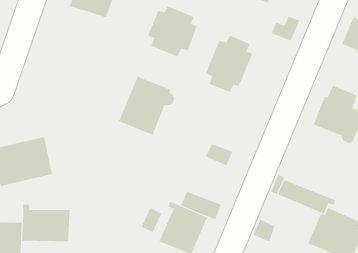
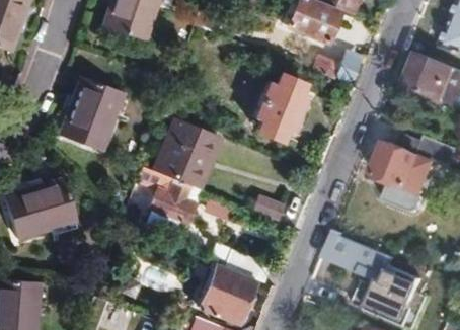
building: [147,6,198,57] -> none
building: none -> [67,83,129,155]
building: none -> [137,166,195,221]
building: [22,204,70,242] -> none

